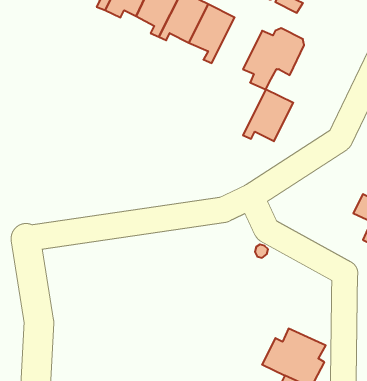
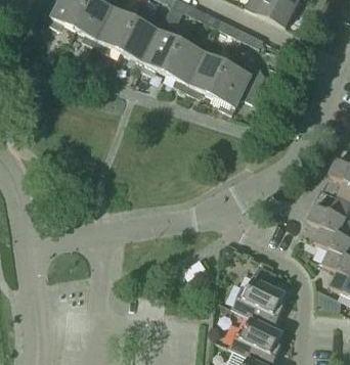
building: [243,90,293,141] -> [185,52,228,96]
building: none -> [231,264,285,327]

